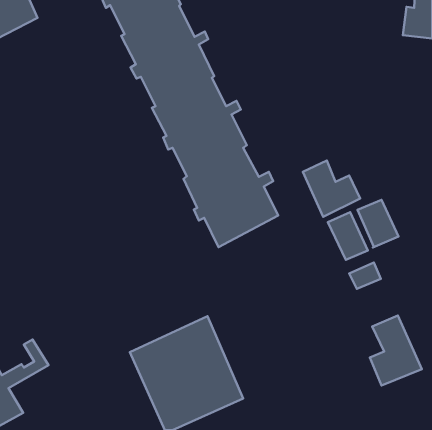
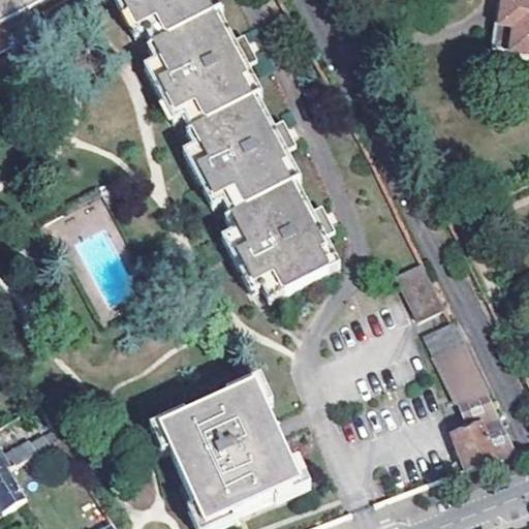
building: [303,161,360,217] -> none
building: [358,200,399,248] -> [432,337,481,395]

